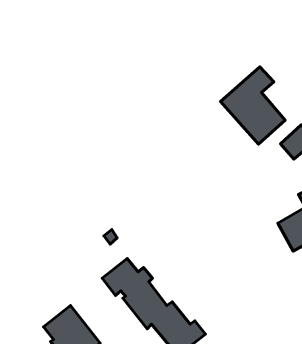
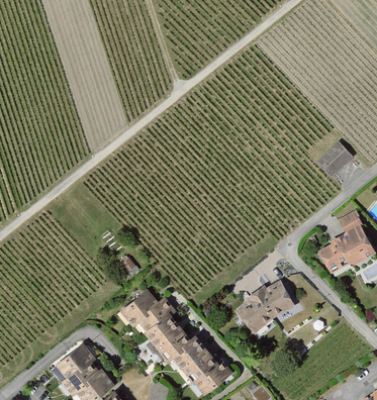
building: [220,67,285,144] -> none
building: none -> [234,281,295,335]

